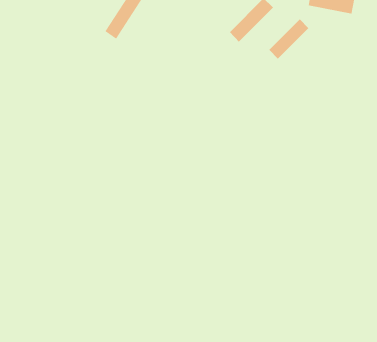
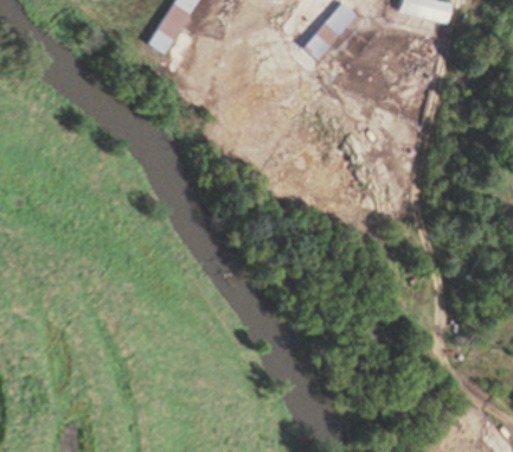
building: [269,19,309,59] -> none

